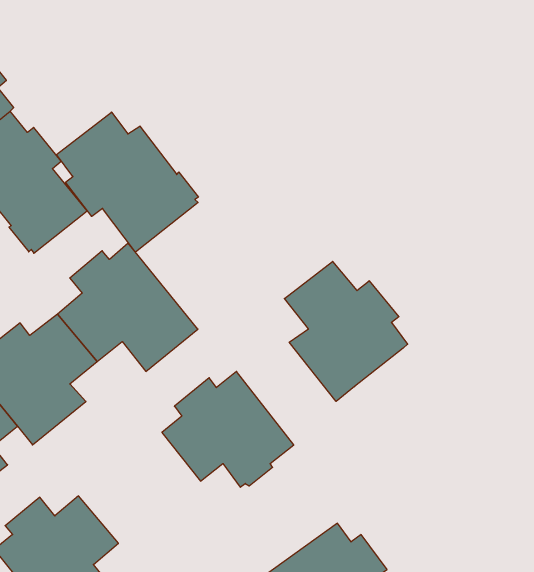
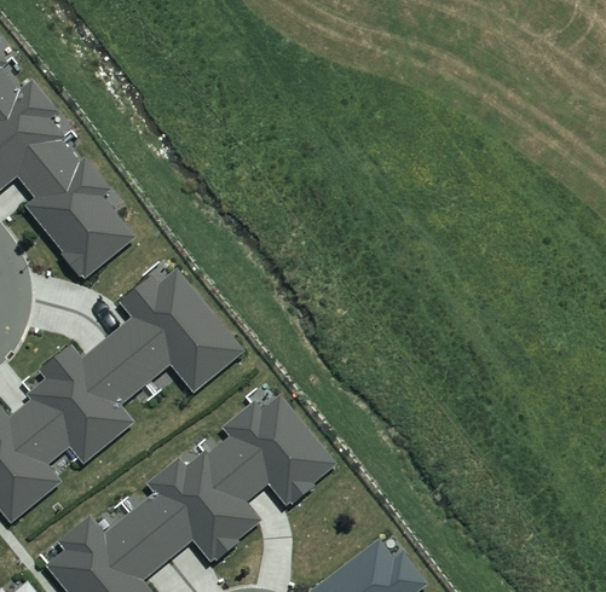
building: [57,112,198,252] -> none
building: [284,261,408,401] -> none
building: none -> [127,449,262,563]

